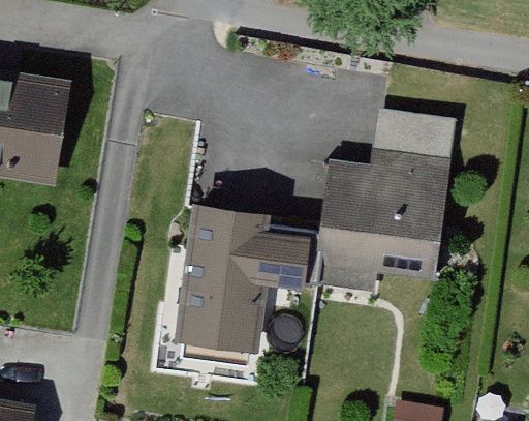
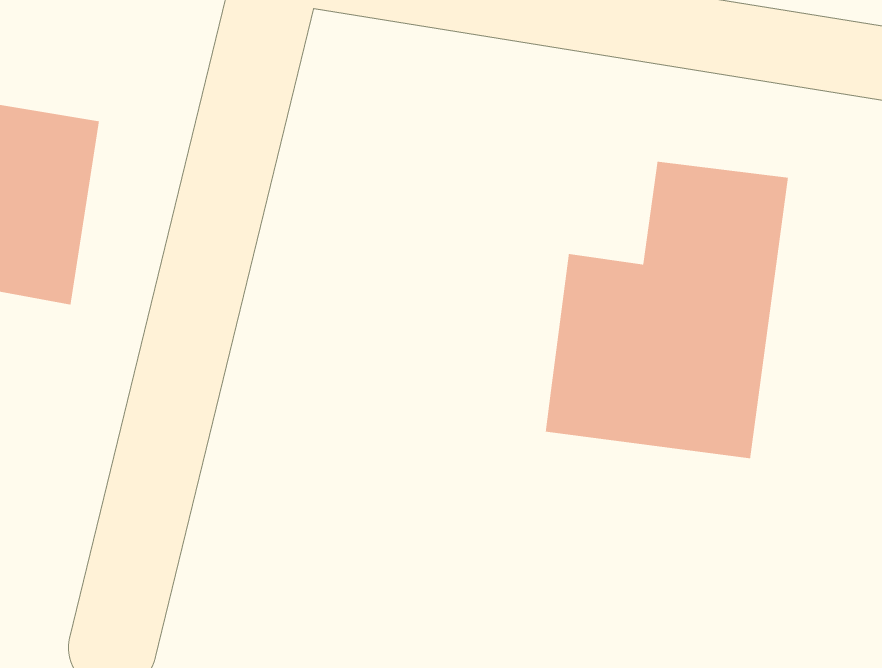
building: [179,205,319,350] -> none

